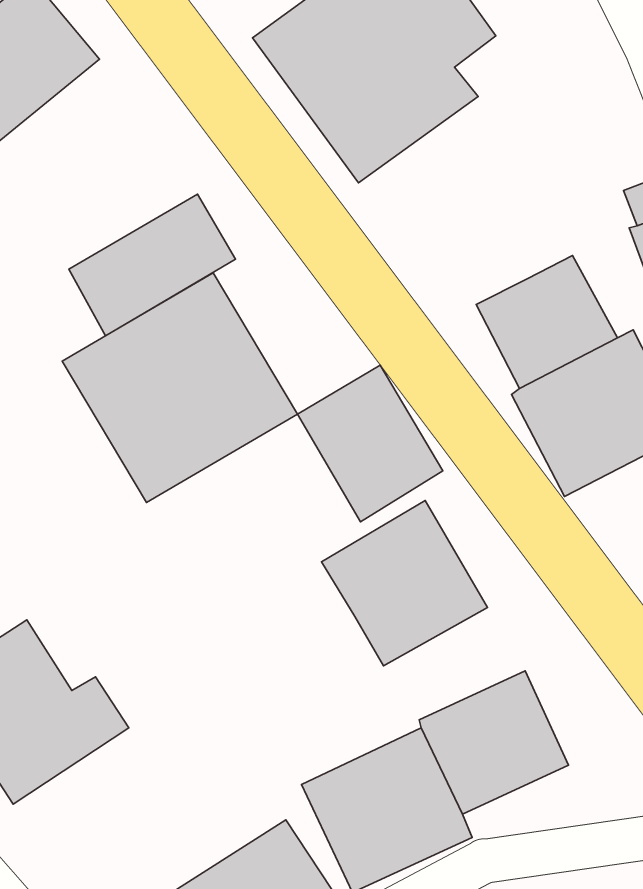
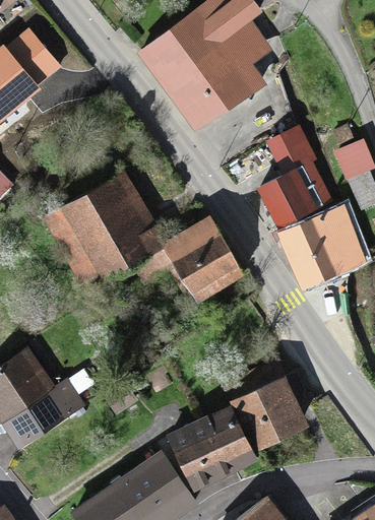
building: none -> [266,125,315,176]
building: [69,194,235,336] -> none
building: [321,500,488,666] -> none

